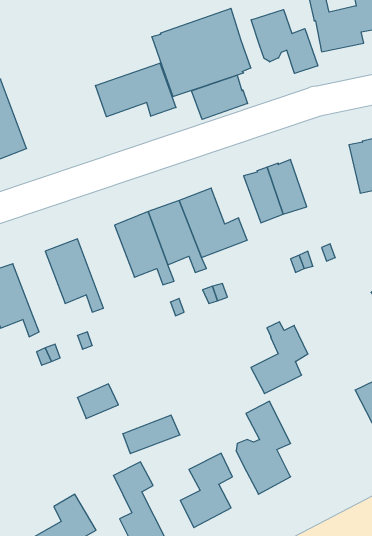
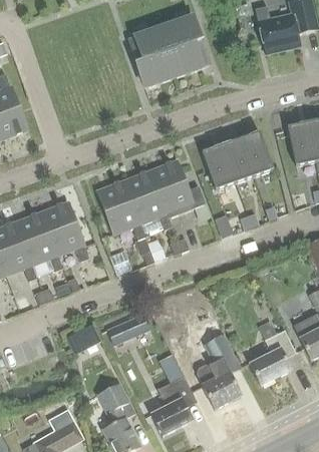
building: [251,10,318,73] -> none
building: [95,63,176,117] -> none
building: [192,75,248,119] -> none
building: none -> [240,130,272,175]
building: none -> [15,211,62,271]
building: [251,322,308,394] -> [249,326,295,384]
building: [123,415,180,454] -> [105,312,151,343]

